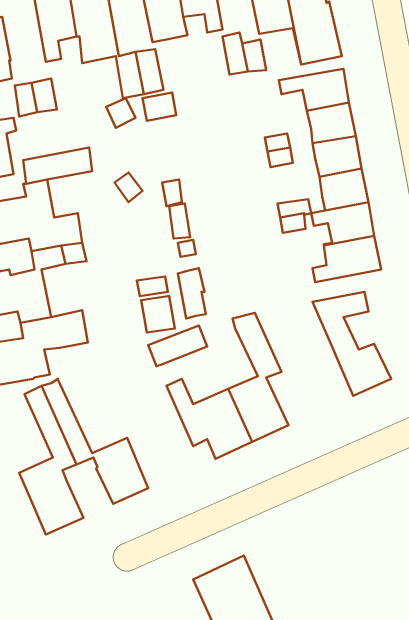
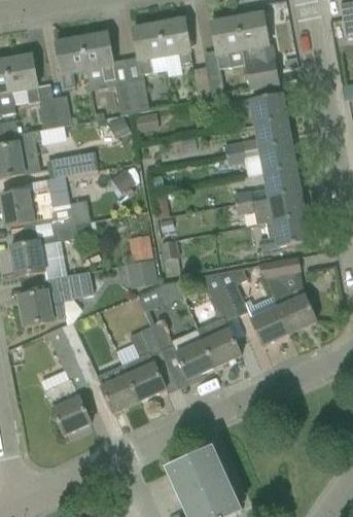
building: none -> [216,267,288,345]
building: none -> [122,324,166,401]

